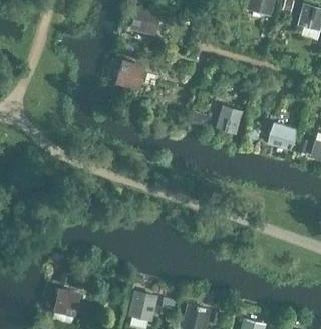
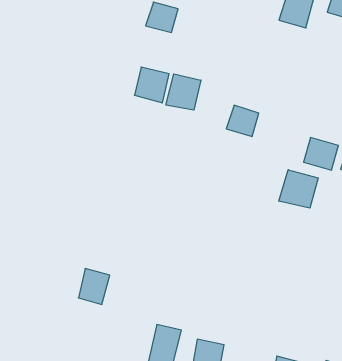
building: none -> [166,74,201,110]
building: none -> [279,170,318,208]
building: [46,283,74,315] -> [78,269,110,304]

